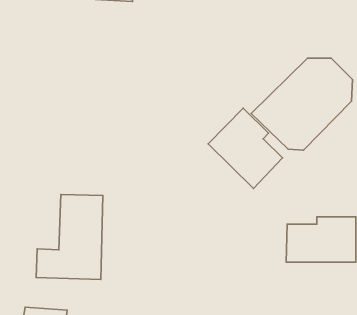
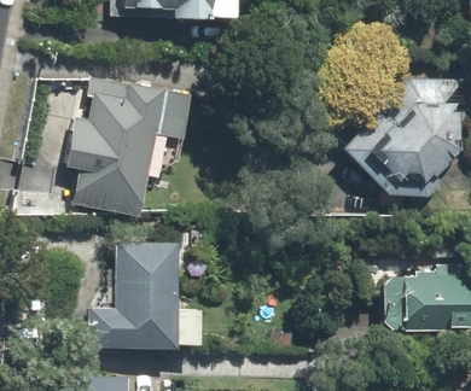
building: none -> [68,78,179,217]
building: [208,108,282,188] -> none

